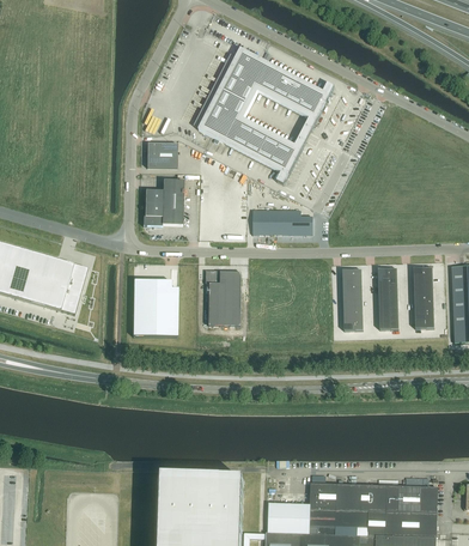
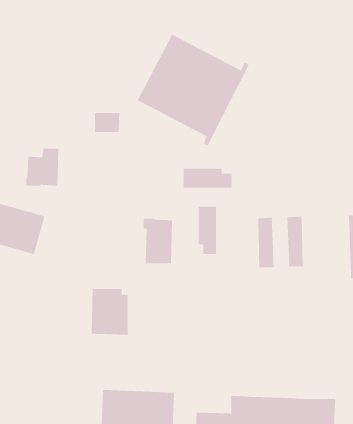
building: [142,180,183,225] -> [25,148,59,186]
building: none -> [198,206,216,255]
building: [413,267,433,328] -> none
building: [132,280,177,336] -> [91,288,129,335]

